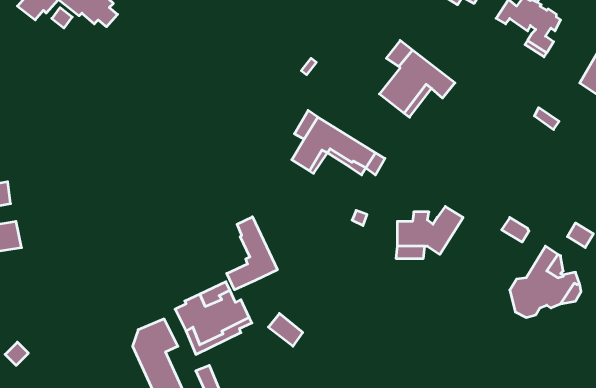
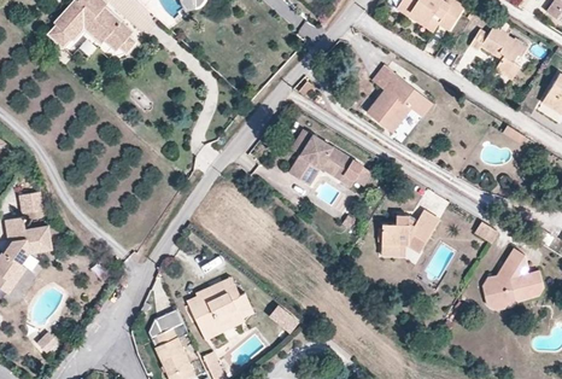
building: [227,217,277,290] -> none

